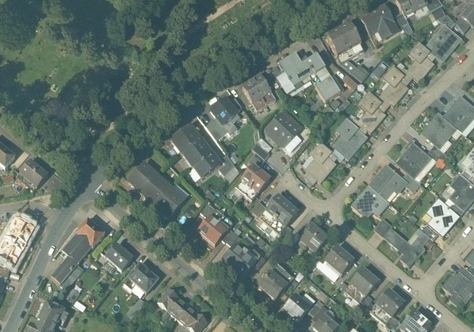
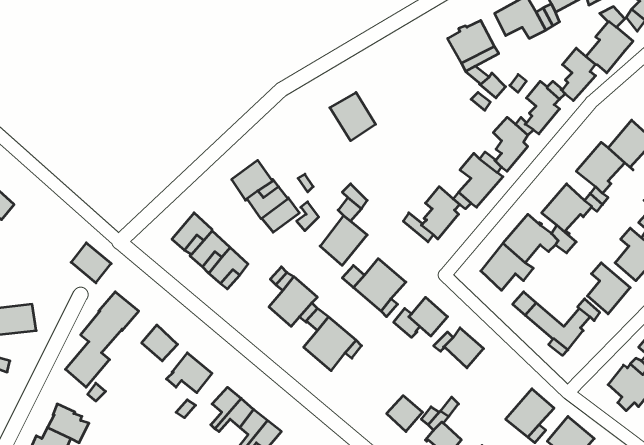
building: [277,50,343,100] -> none
building: [211,98,239,124] -> none
building: [266,112,301,150] -> none
building: [19,159,48,188] -> [71,243,111,283]
building: [259,263,293,298] -> none
building: [344,267,378,302] -> none

